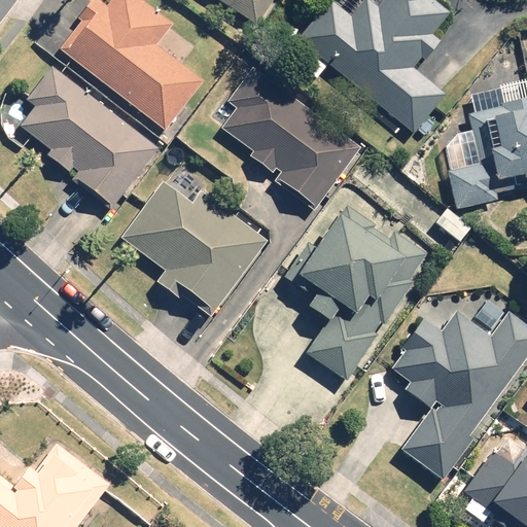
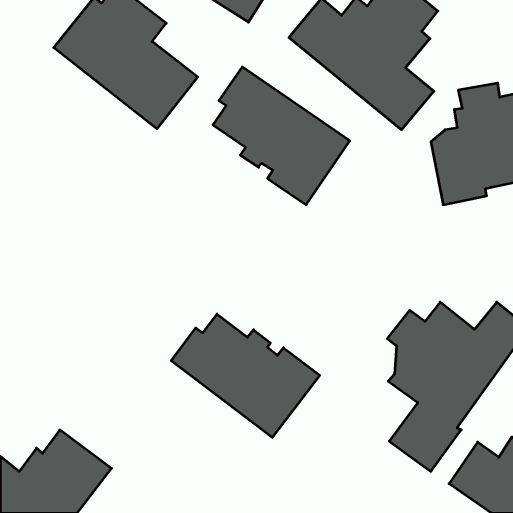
building: [12,67,160,210] -> none
building: [120,180,269,311] -> none
building: [293,203,431,381] -> none
building: none -> [171,314,320,437]

